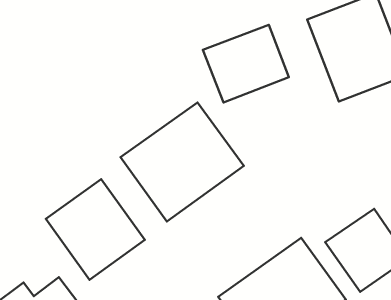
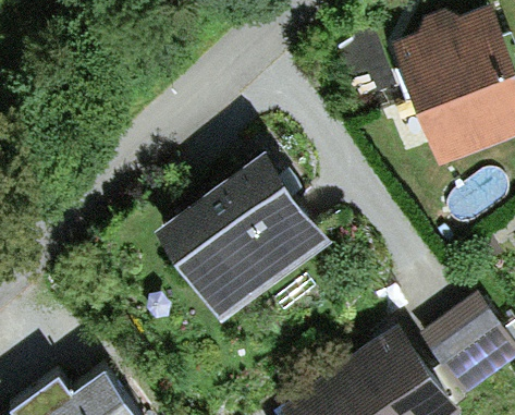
building: [203,25,289,102] -> none
building: [46,179,145,280] -> none

